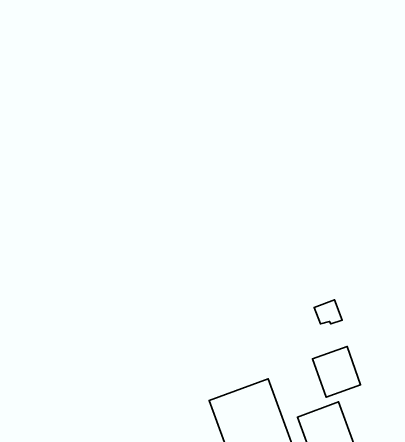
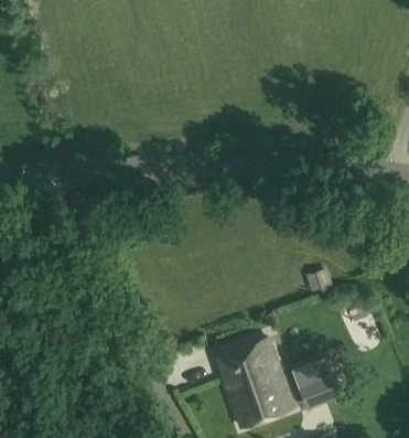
building: [313,346,361,397] -> none

